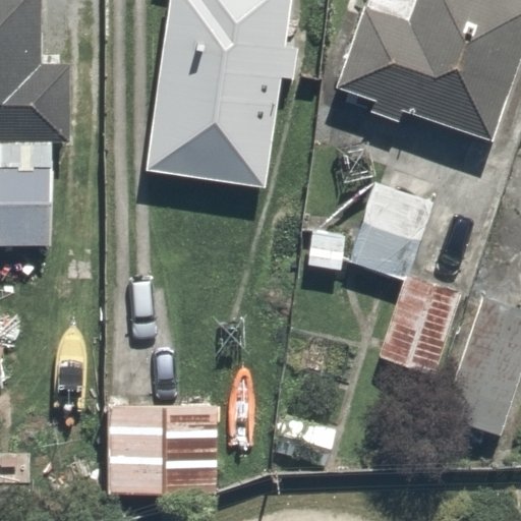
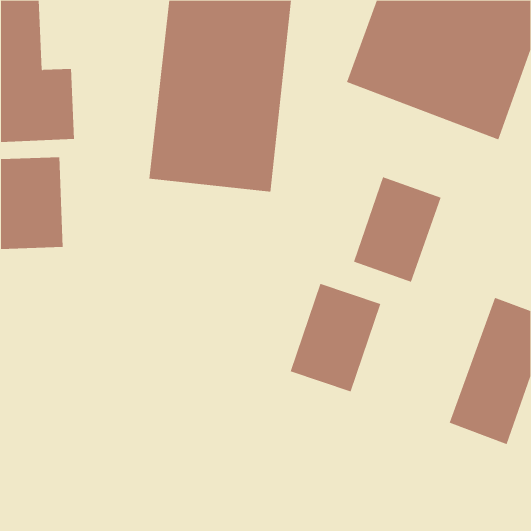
building: [380,272,469,379] -> [290,283,381,392]
building: [107,395,221,503] -> none

